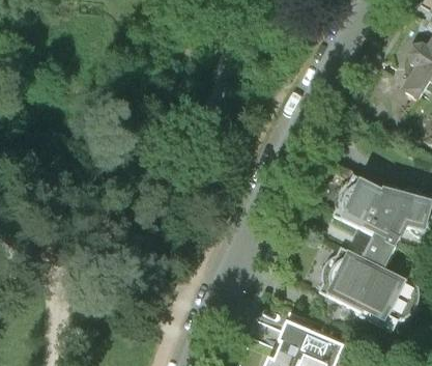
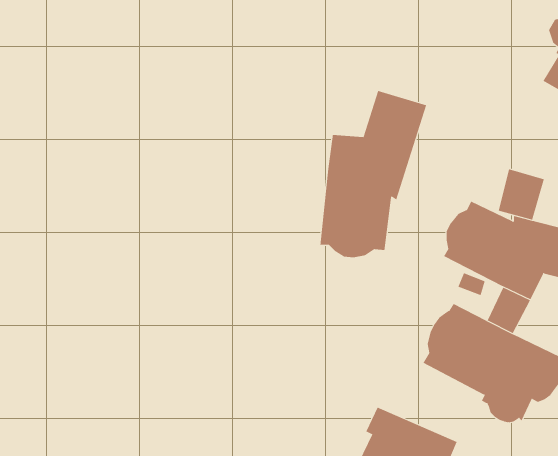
building: none -> [320,90,427,258]
building: none -> [498,168,544,220]

